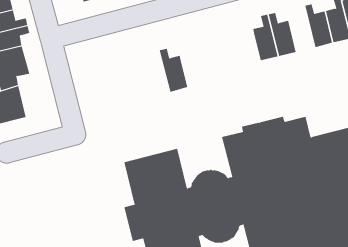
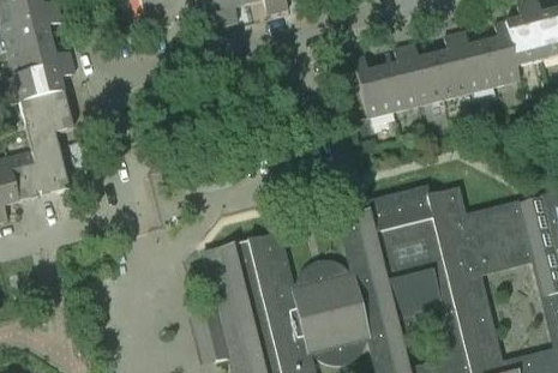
building: none -> [433,34,469,98]
building: [159,48,188,92] -> [353,56,394,118]

